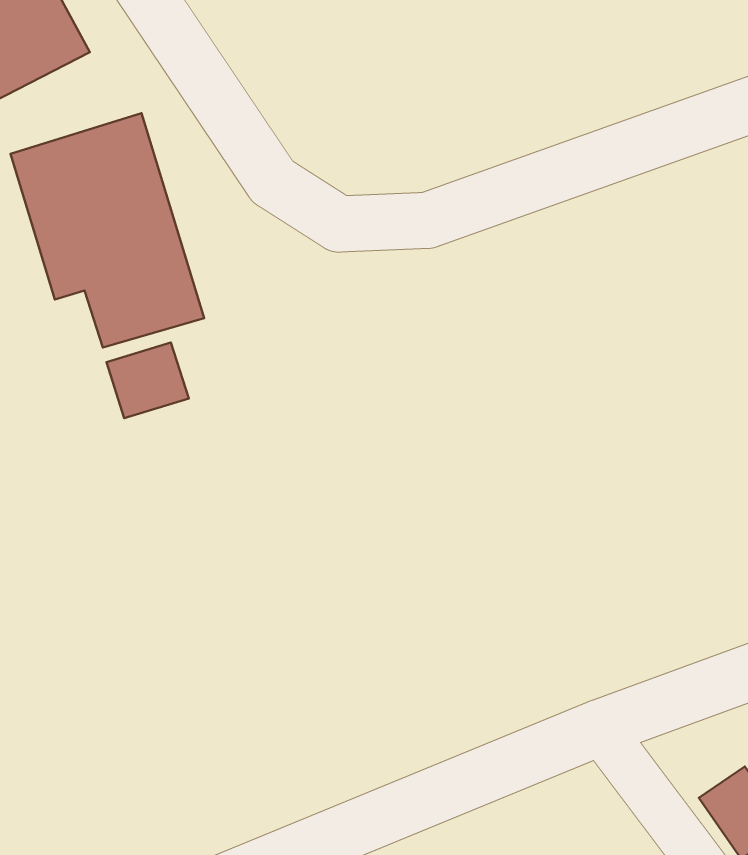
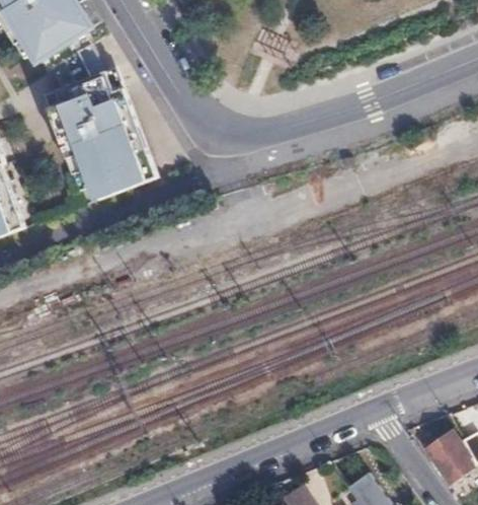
building: [106,342,189,418] -> none

